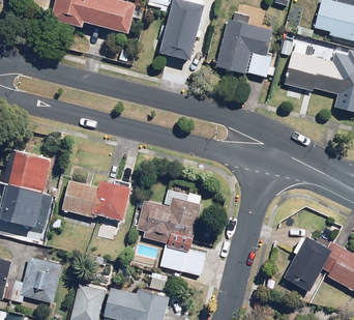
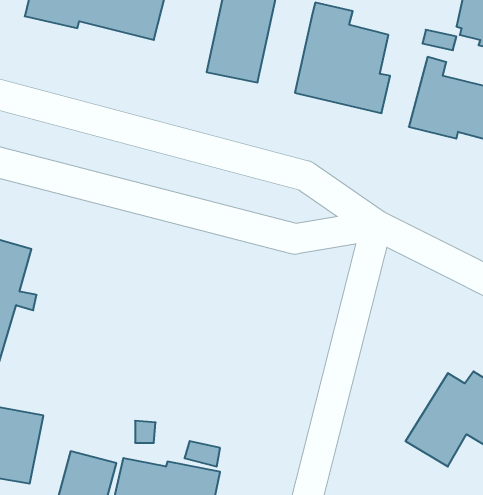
building: [61,179,134,222] -> none
building: [135,188,206,275] -> none

